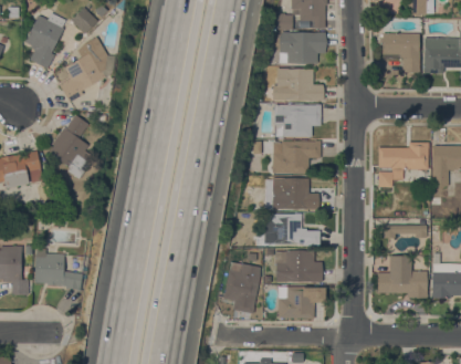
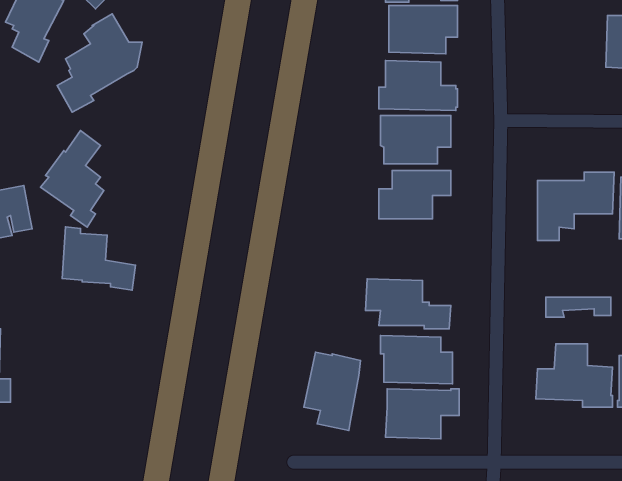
building: [383,32,420,72] -> none
building: [265,177,319,209] -> none
building: [34,248,83,290] -> [62,227,136,290]

